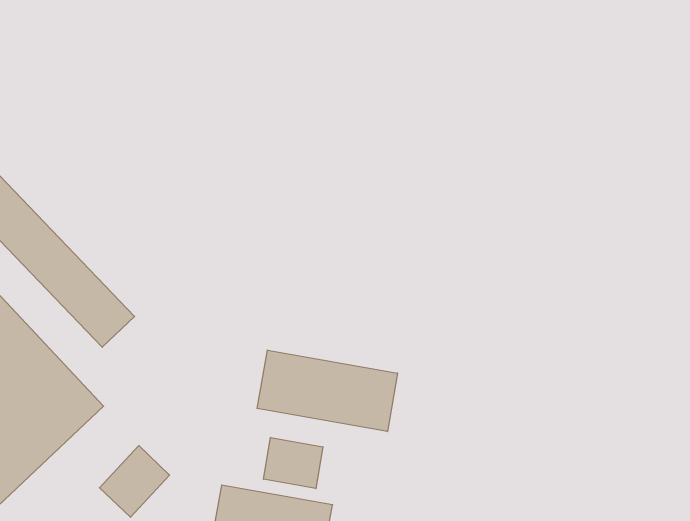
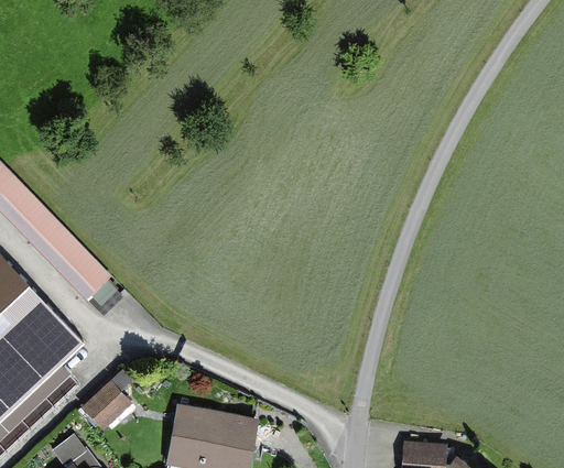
building: [257,350,398,432] -> none
building: [264,437,323,489] -> none

